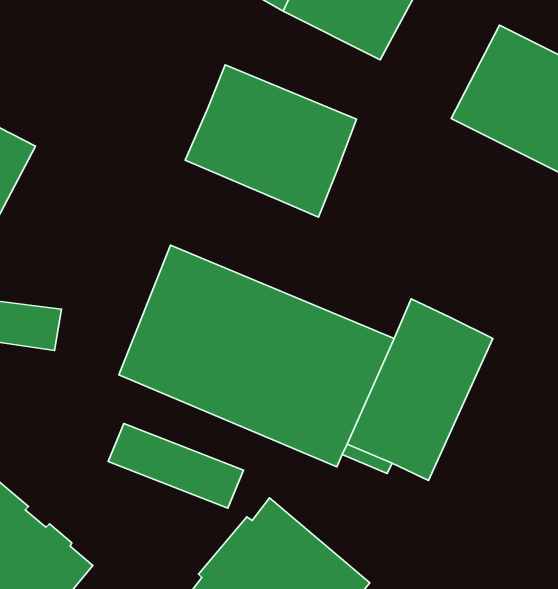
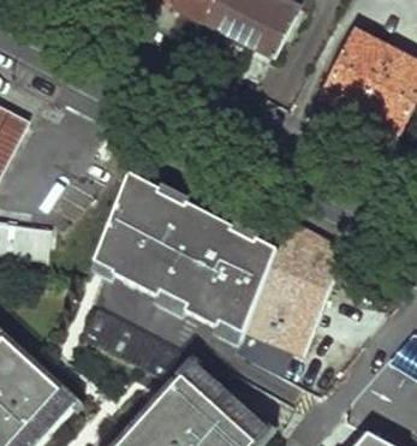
building: [185,65,357,217] -> none

